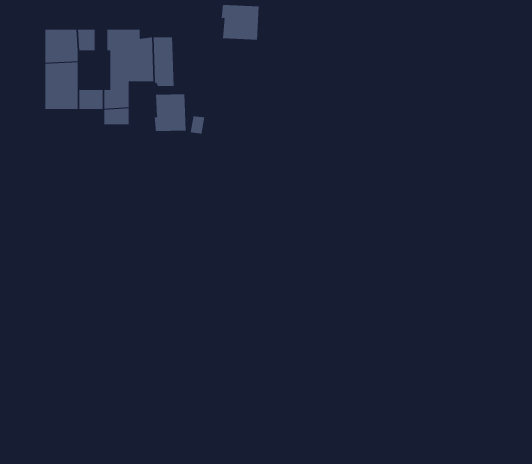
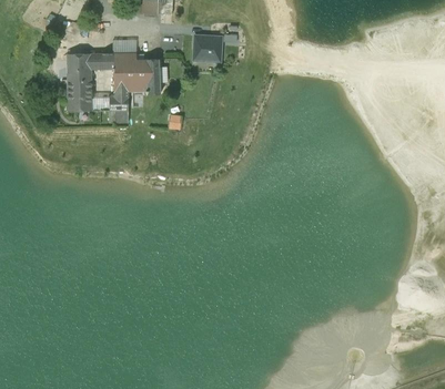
building: [154,93,186,132] -> none

